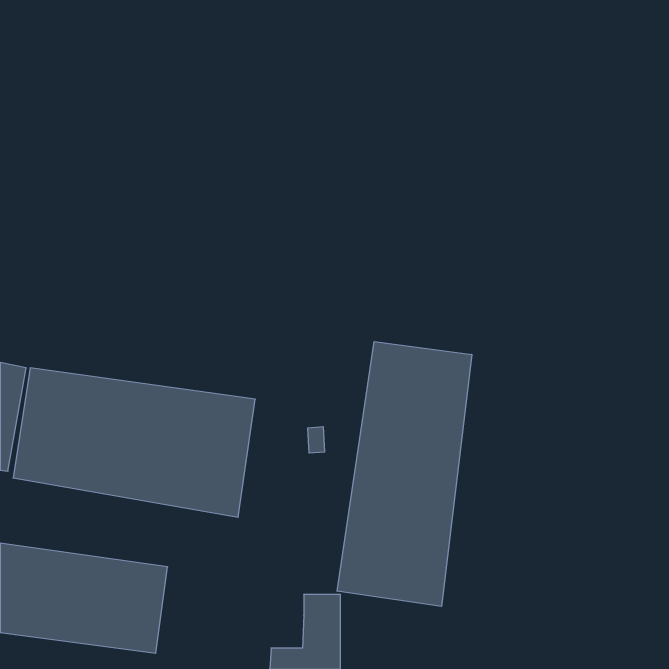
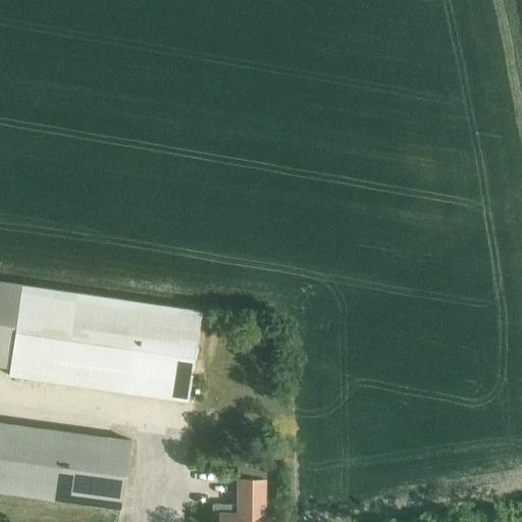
building: [337,342,472,606] -> none

